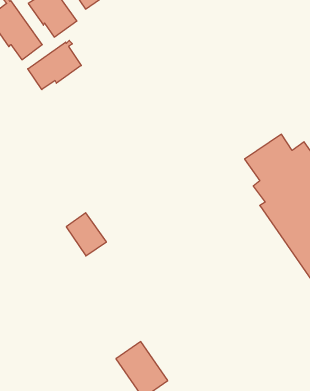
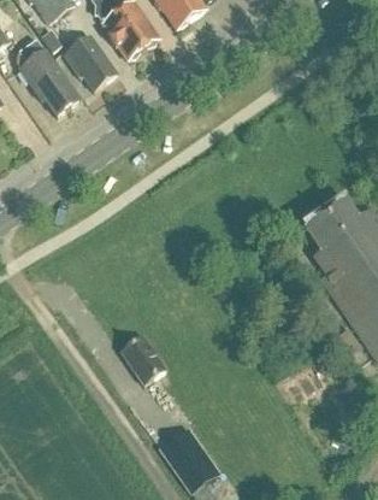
building: [28,40,81,90] -> none
building: [66,213,106,256] -> [120,336,165,384]

